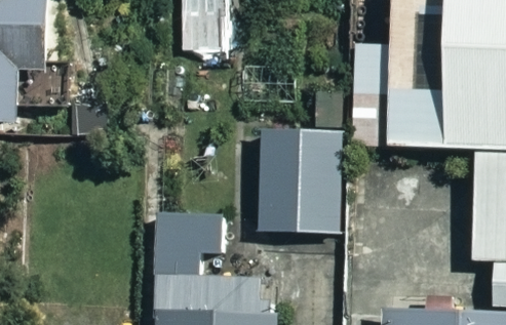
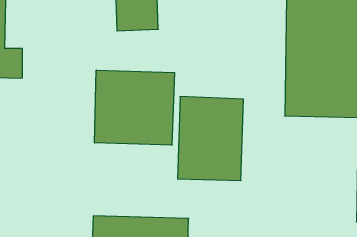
building: none -> [95,70,174,145]

